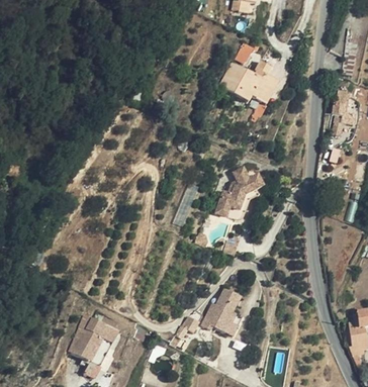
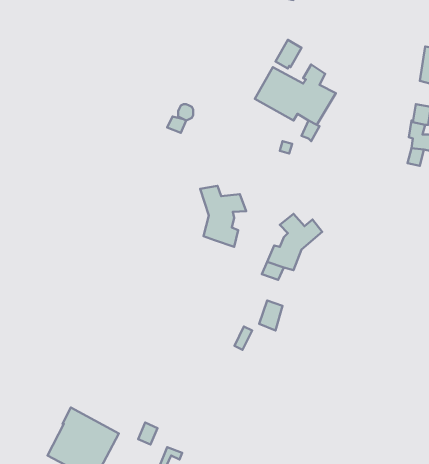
building: none -> [200,186,246,247]
building: [200,287,238,335] -> none

